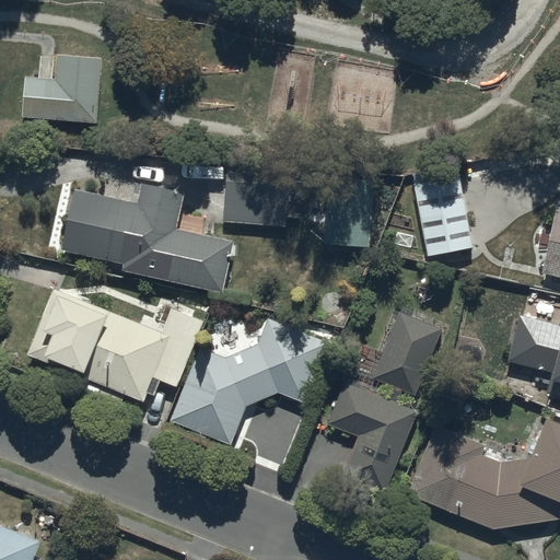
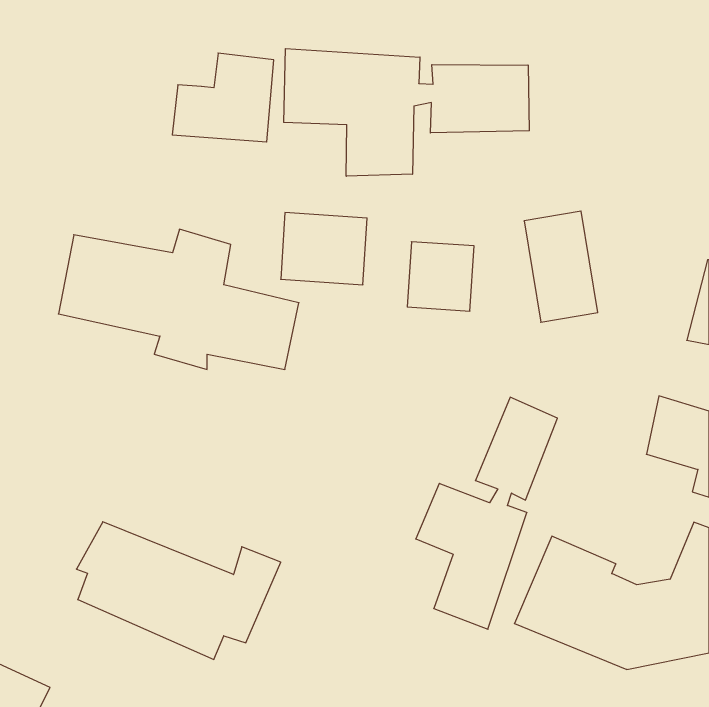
building: none -> [284,49,529,176]
building: [21,52,101,122] -> [172,53,274,142]
building: [43,290,203,398] -> [76,522,281,659]
building: [172,319,327,444] -> none

